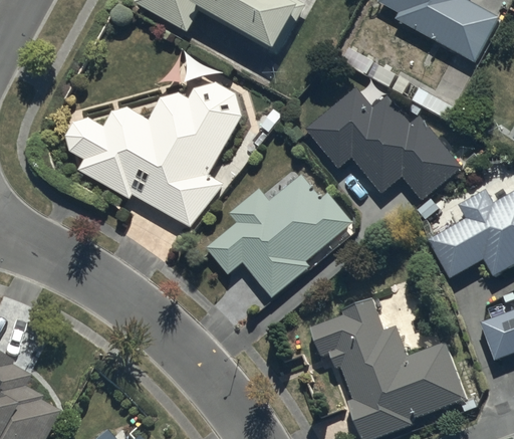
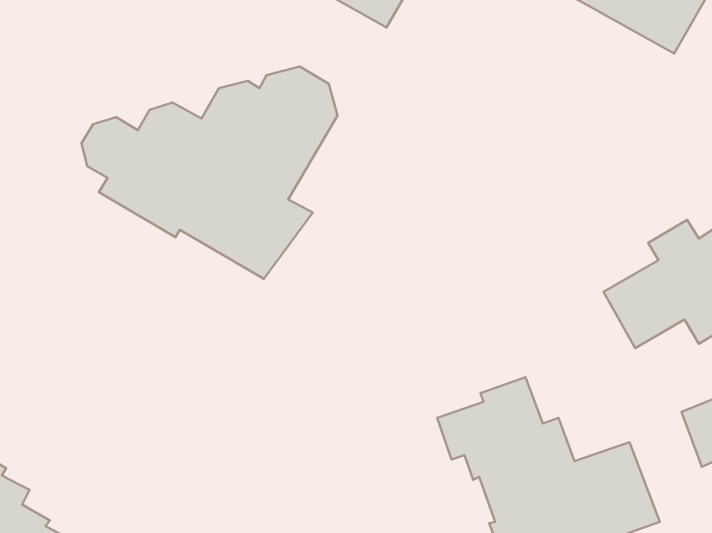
building: [305,86,463,200] -> none
building: [206,173,354,296] -> none

